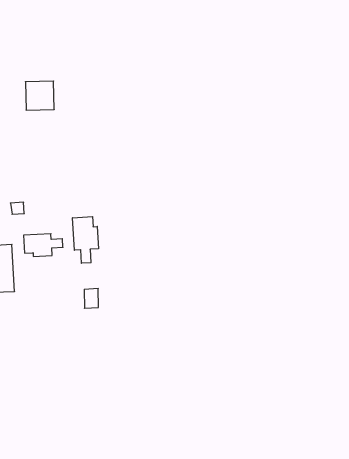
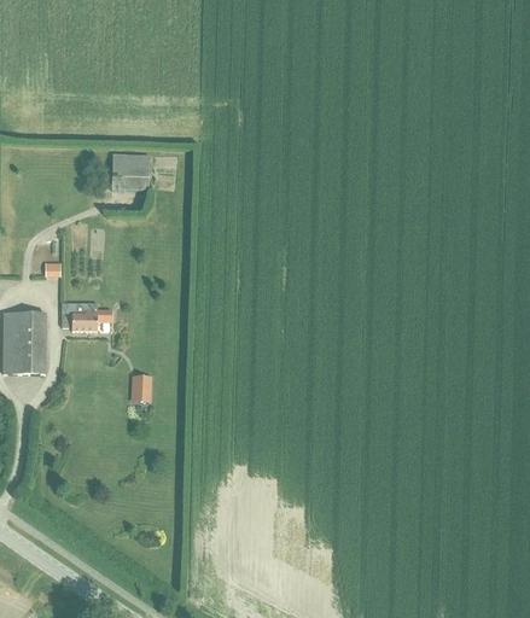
building: [25,81,54,110] -> [111,153,148,191]
building: [73,217,98,263] -> none

